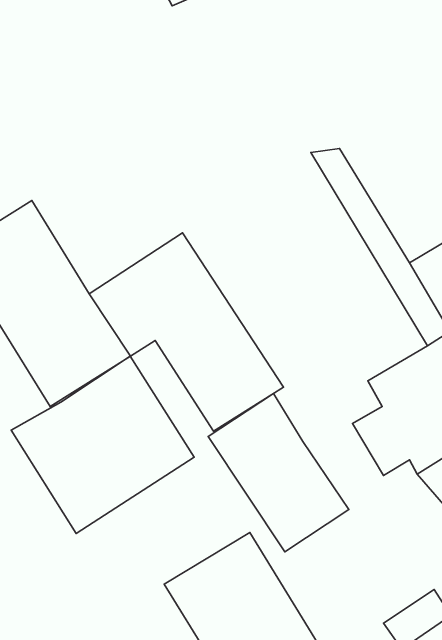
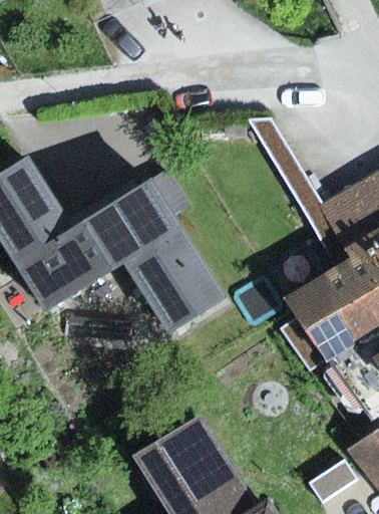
building: [11,356,194,534] -> none
building: [208,394,349,552] -> none

